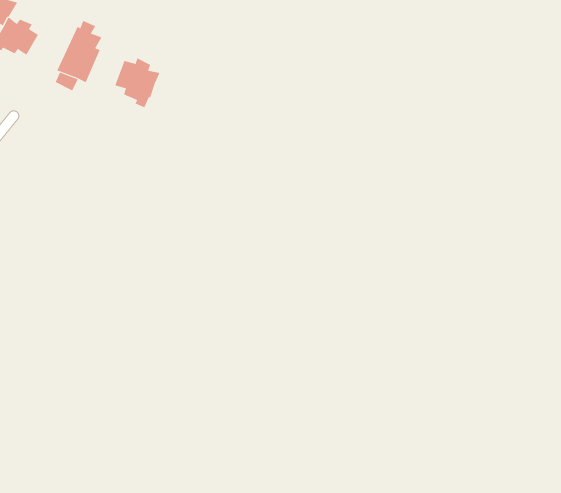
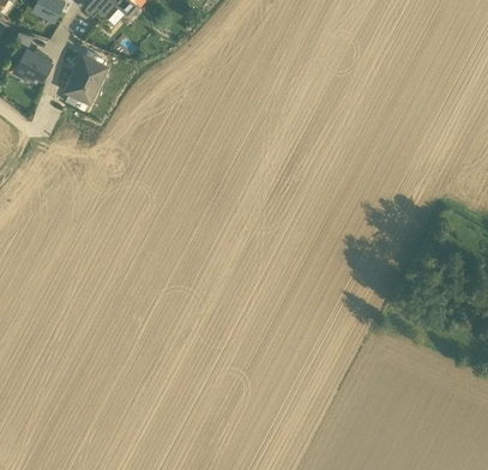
building: [114,57,160,108] -> none

